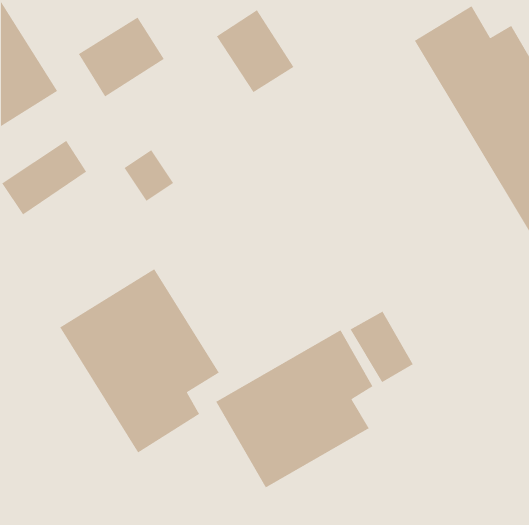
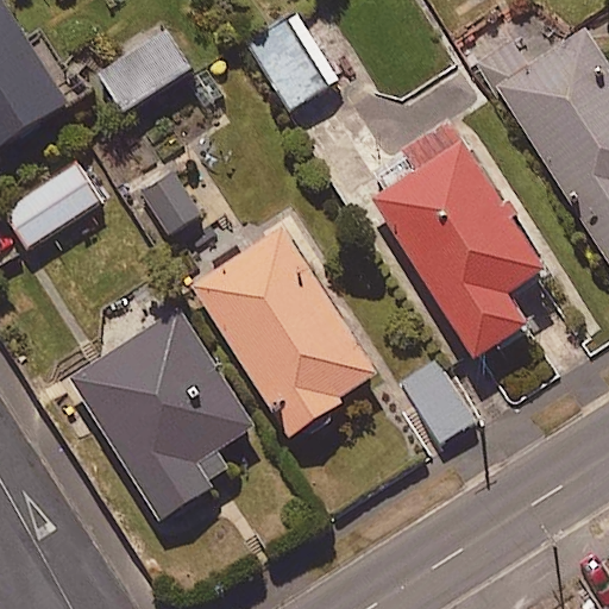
building: none -> [375,123,538,359]
building: none -> [193,227,377,434]
building: [215,329,373,488] -> none

